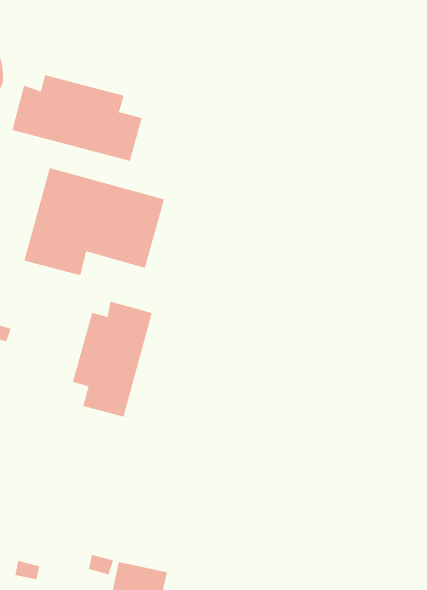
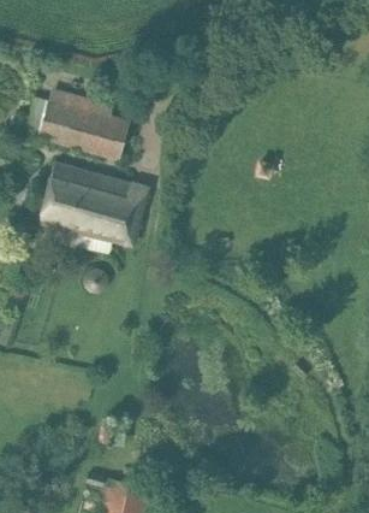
building: [72,301,153,418] -> none

